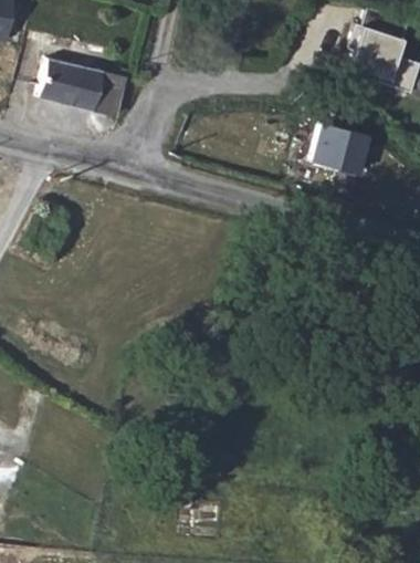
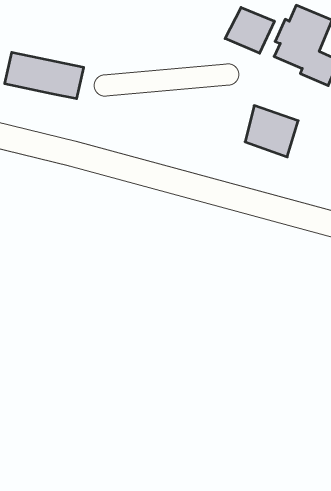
building: none -> [225,7,274,53]

